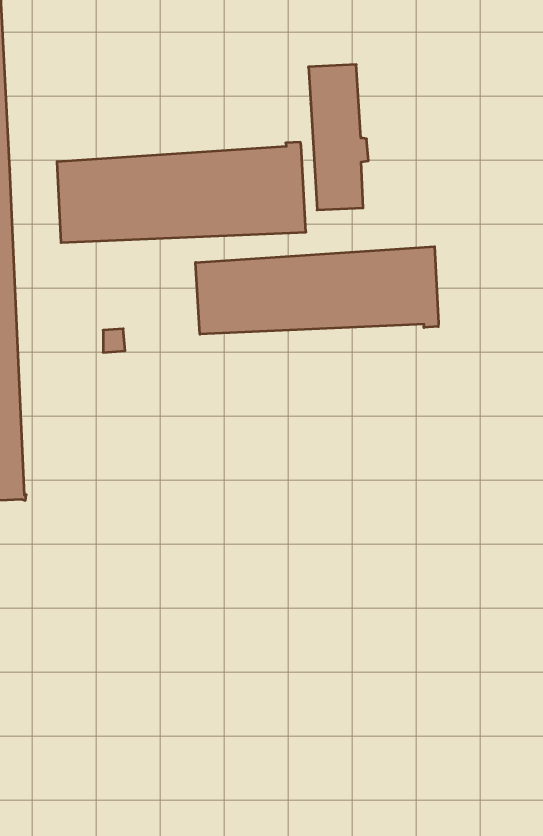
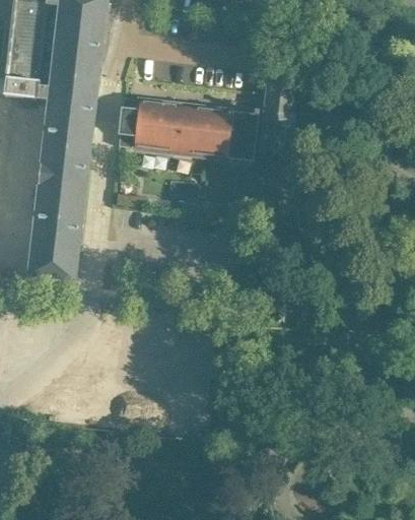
building: [196,247,439,334] -> none

